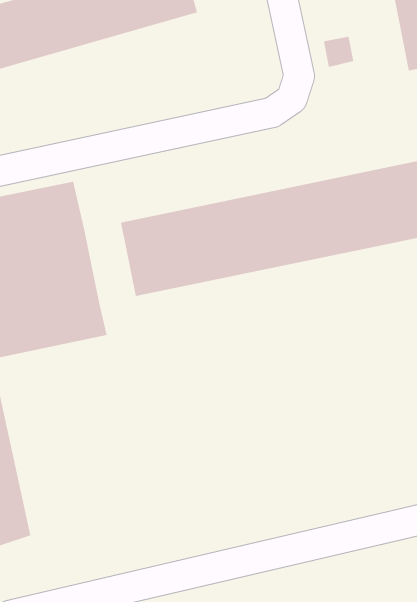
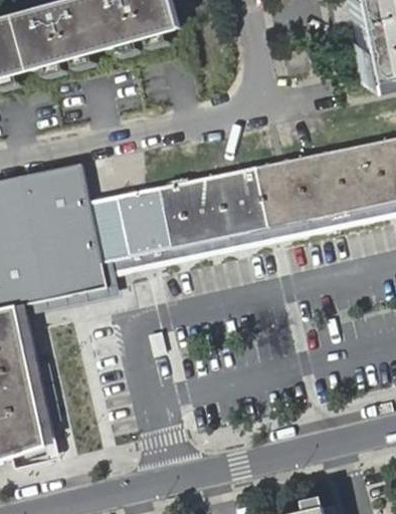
building: none -> [92,196,133,261]

